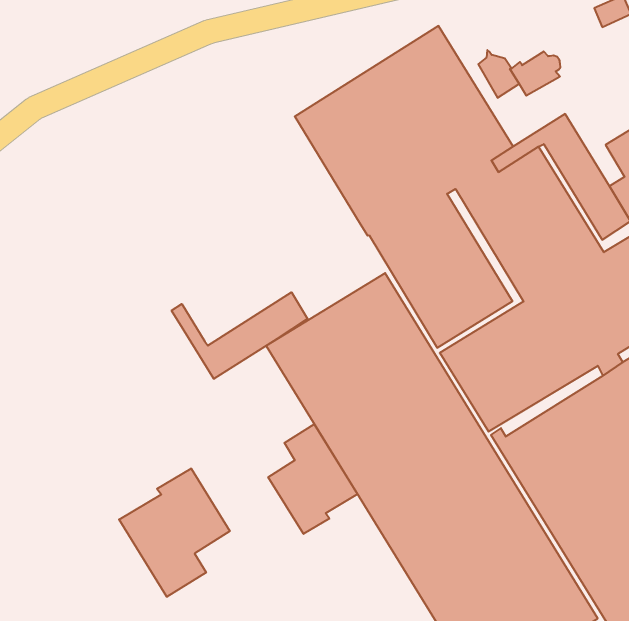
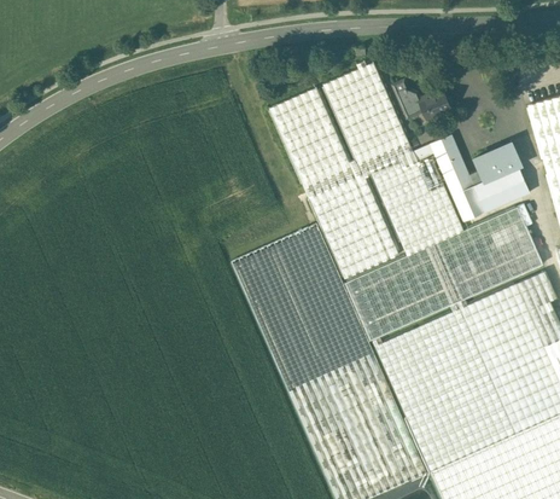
building: [172,292,308,379] -> none
building: [268,424,358,534] -> none
building: [119,468,230,597] -> none

